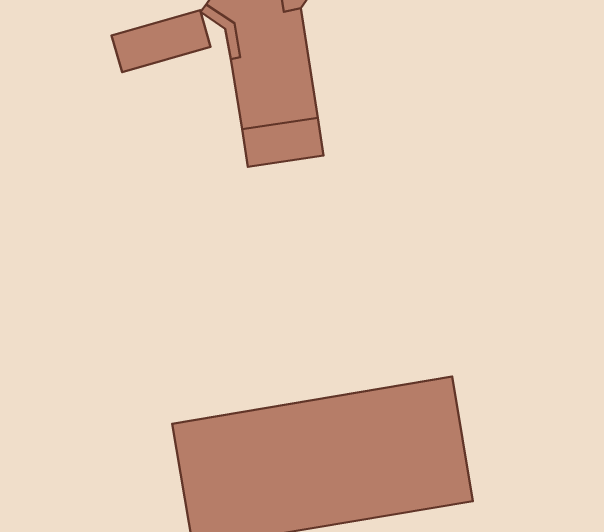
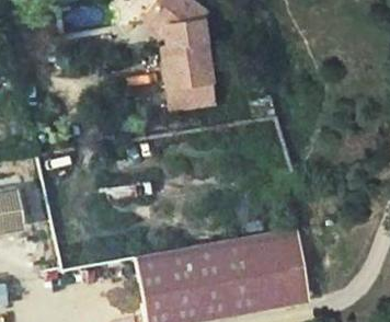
building: [112,10,211,72] -> none

